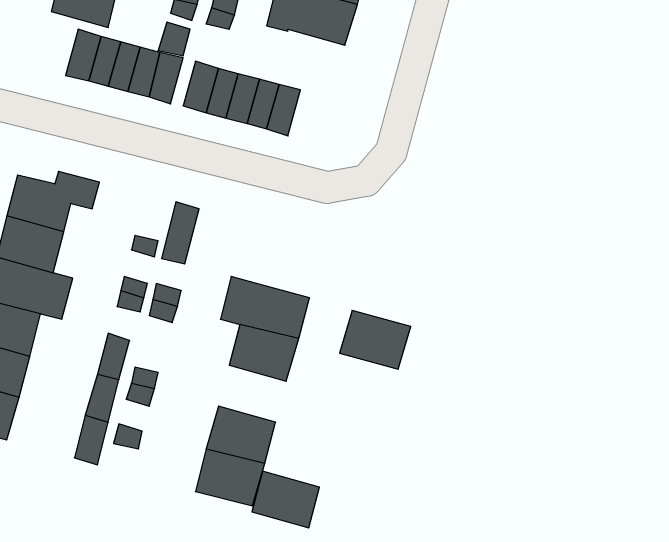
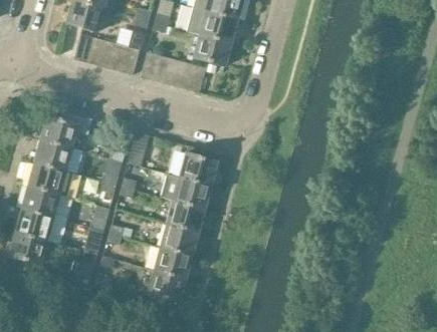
building: none -> [192,32,231,65]
building: [340,310,411,369] -> [178,150,218,184]
building: [252,471,319,528] -> [160,222,198,254]

